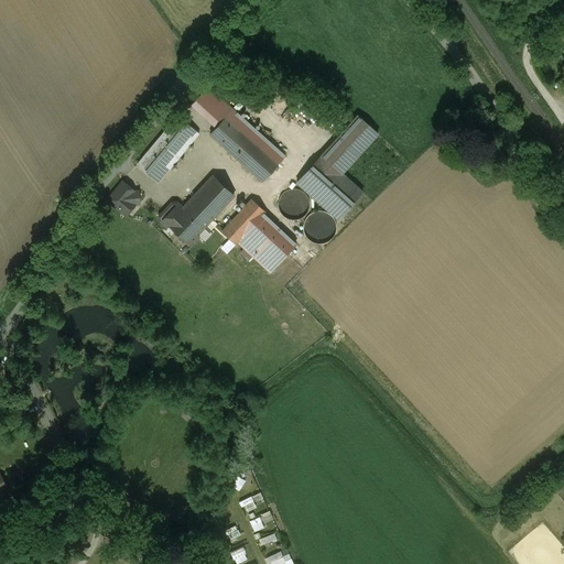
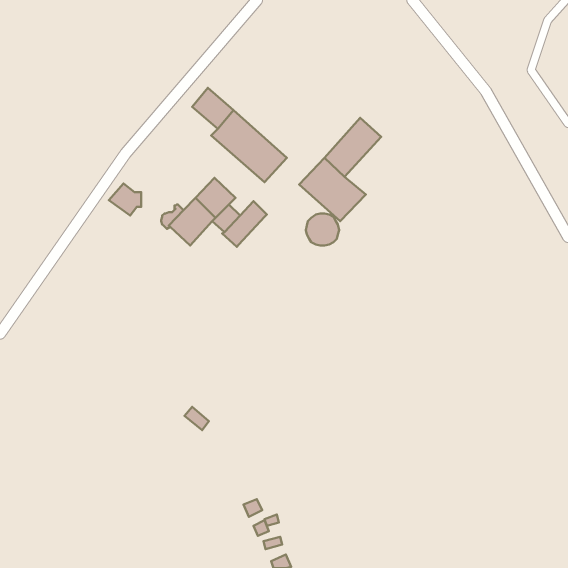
building: [139,118,198,183] -> none
building: [278,189,308,219] -> none
building: [237,215,295,272] -> none

